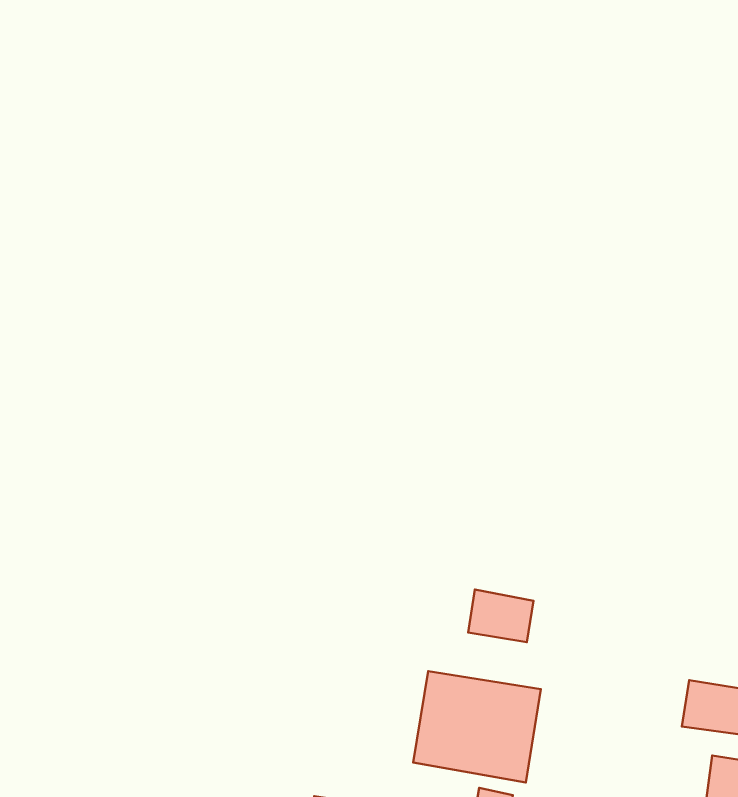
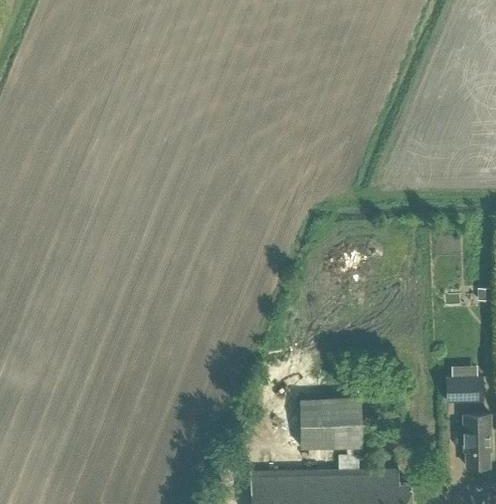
building: [468,590,534,642] -> none

